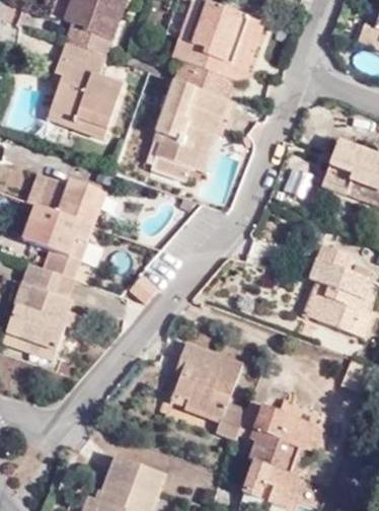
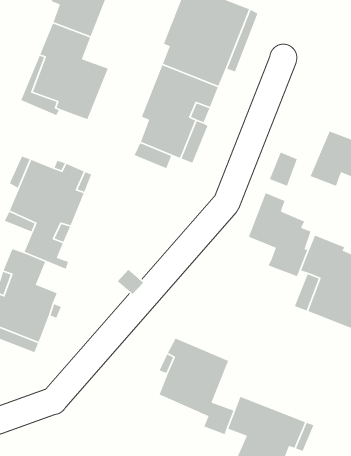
building: none -> [248,192,311,277]

